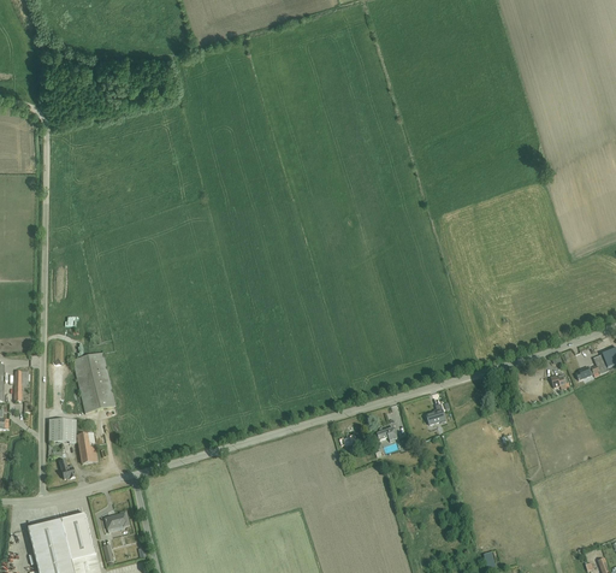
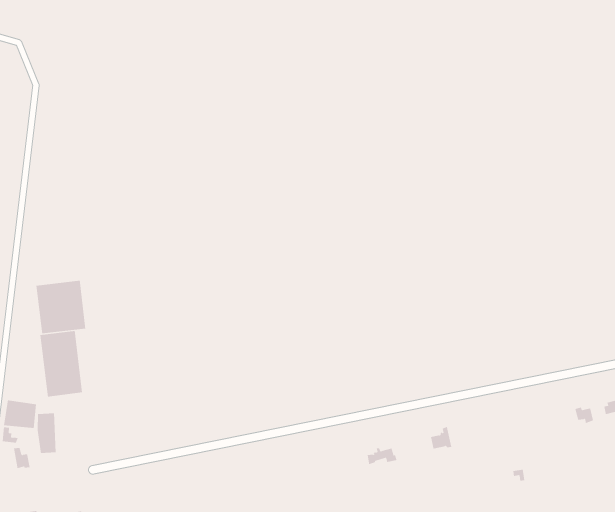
building: none -> [36,280,86,334]

